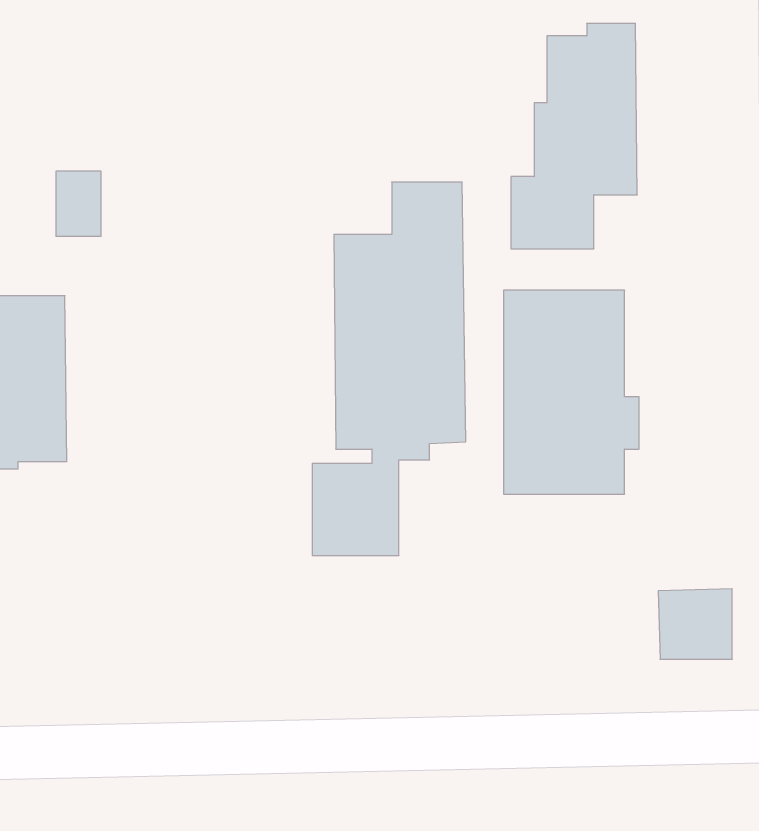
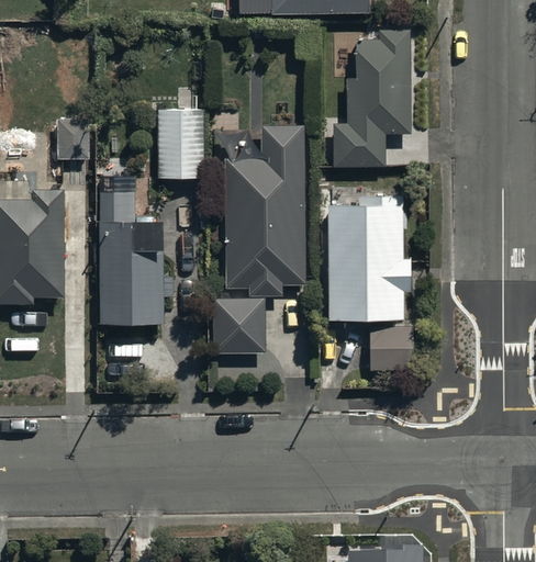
building: none -> [158,110,203,179]
building: none -> [97,189,164,323]
building: [658,589,732,659] -> [369,328,414,371]

